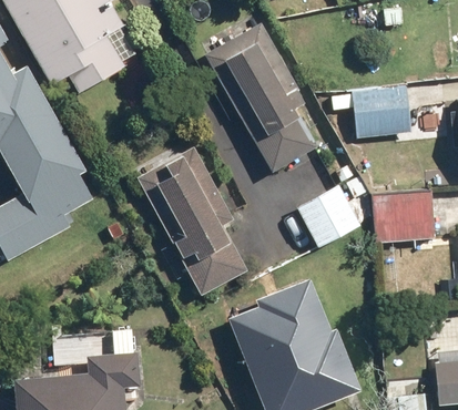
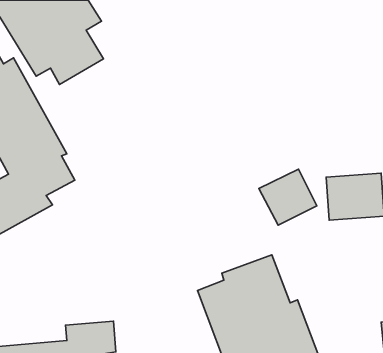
building: [202,23,319,175] -> none
building: [347,85,409,140] -> none
building: [136,145,248,295] -> none

